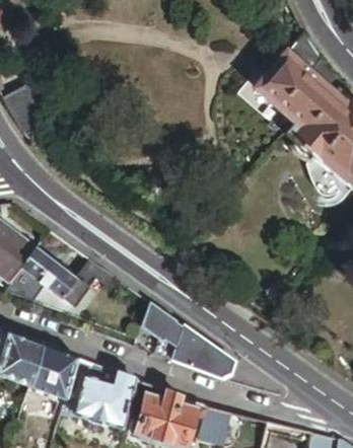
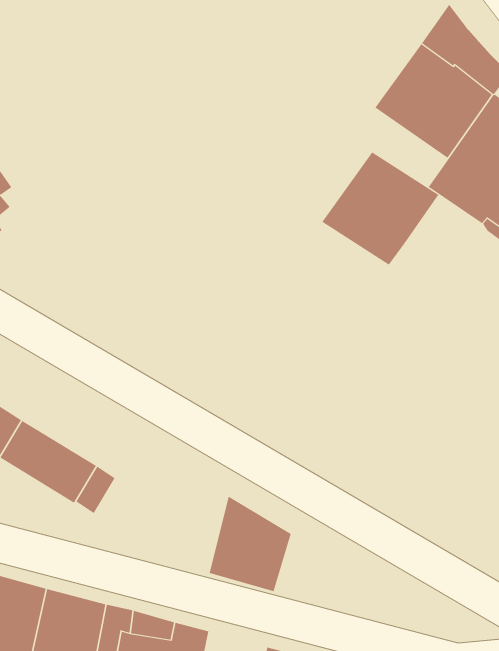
building: none -> [321,151,439,265]
building: [173,328,236,381] -> none

